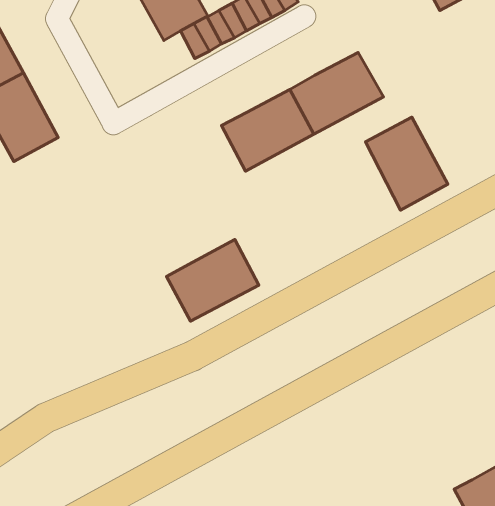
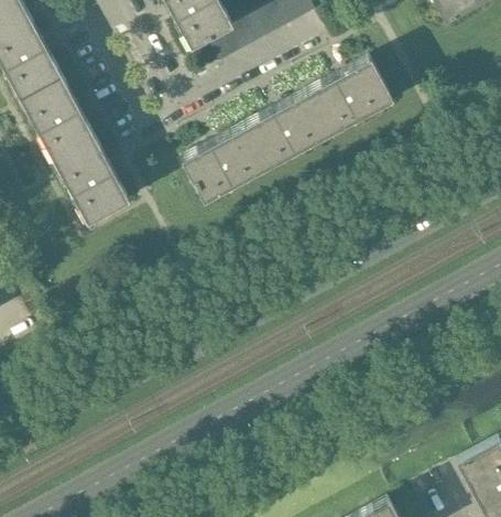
building: [365,117,448,210] -> none
building: none -> [53,137,128,222]
building: [166,239,259,321] -> [181,126,265,201]

